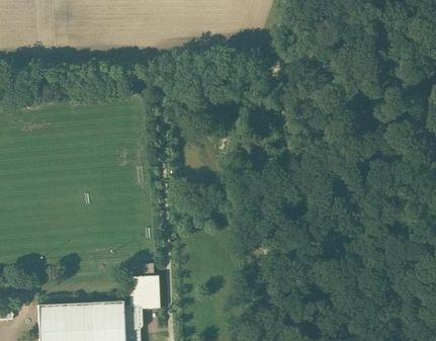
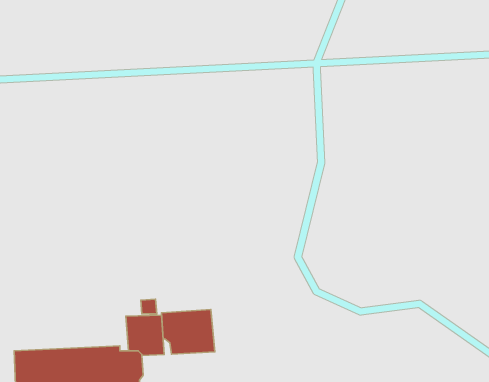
building: none -> [161,310,215,354]

